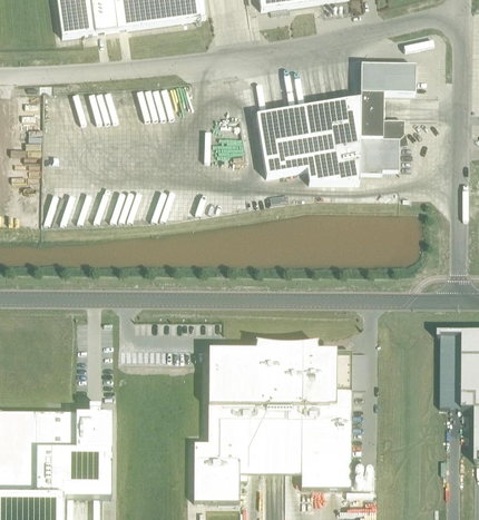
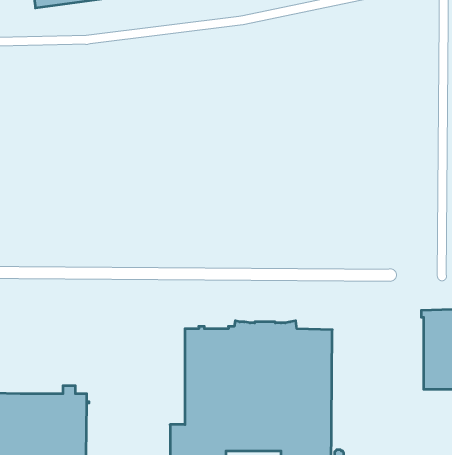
building: [245,62,416,181] -> none

